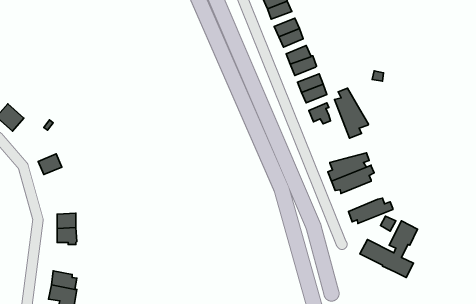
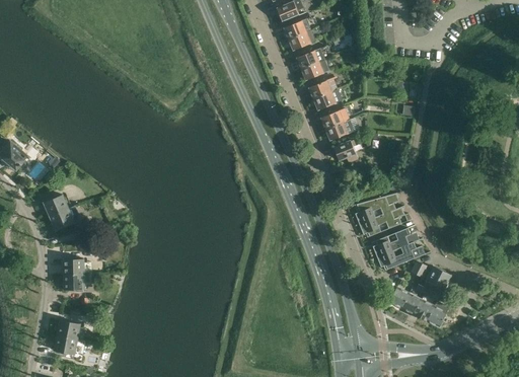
building: [334,88,369,138] -> none
building: none -> [49,206,80,231]
building: none -> [372,228,410,256]

